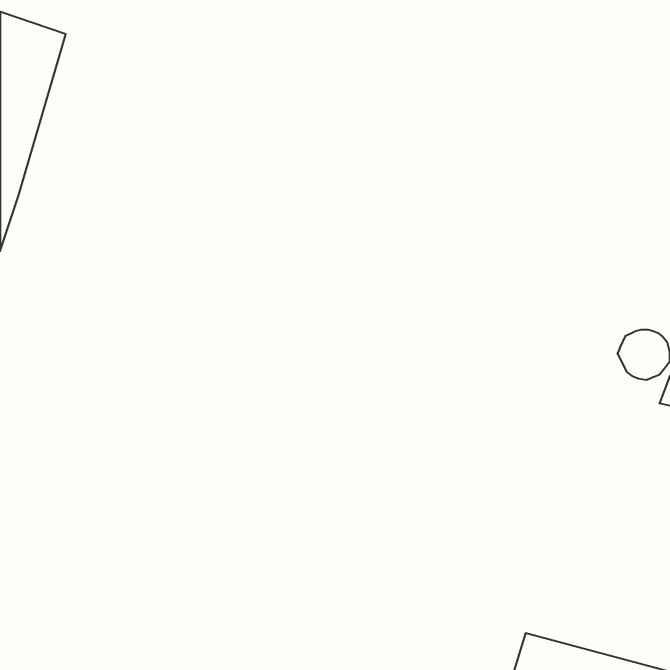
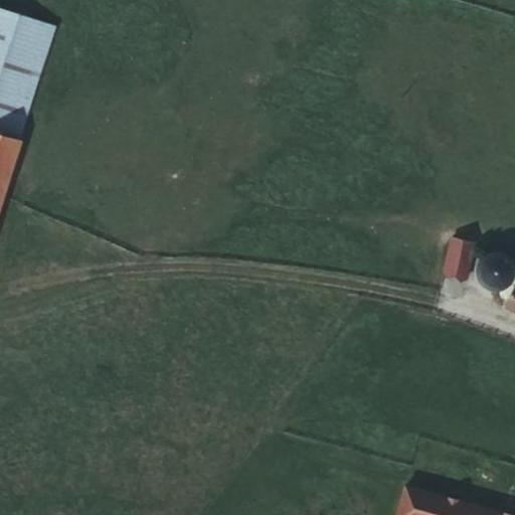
building: none -> [439,238,472,279]

